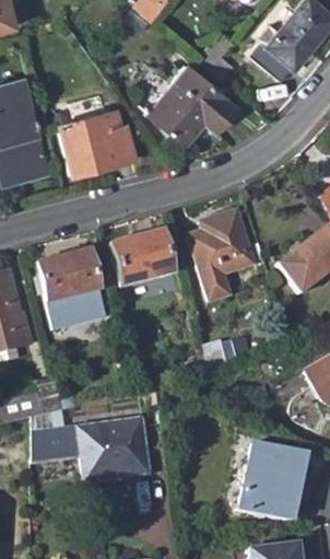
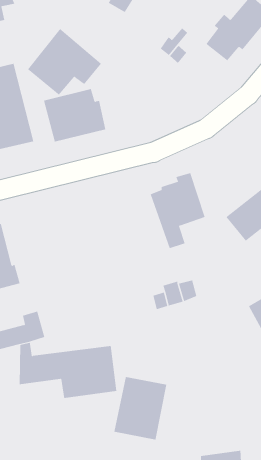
building: [149,63,238,144] -> [27,28,102,96]
building: [114,231,173,286] -> none
building: [38,249,106,330] -> none
building: [239,443,304,520] -> [113,376,167,440]

